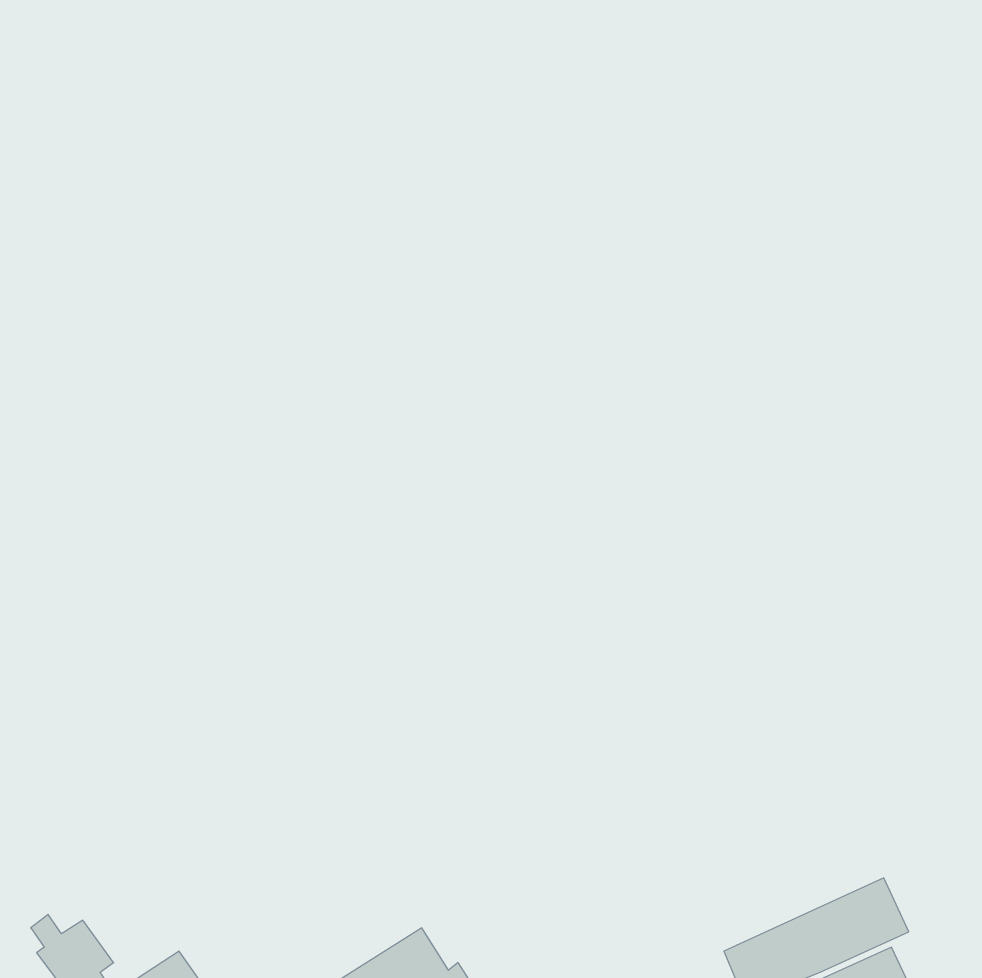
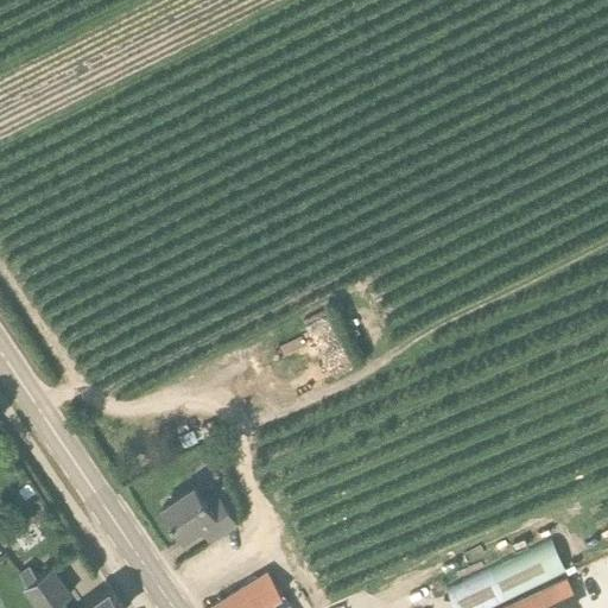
building: none -> [163,488,238,543]

